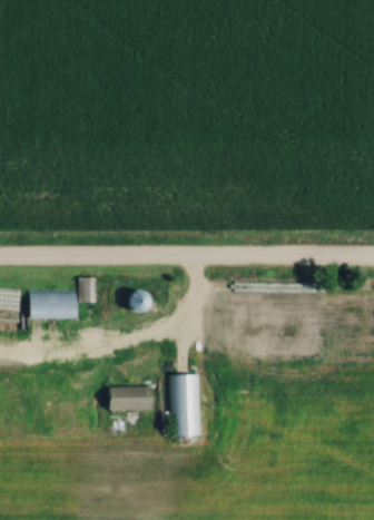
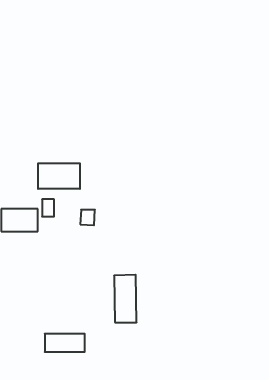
building: none -> [38,163,80,189]
building: [100,386,151,410] -> [45,334,85,352]

